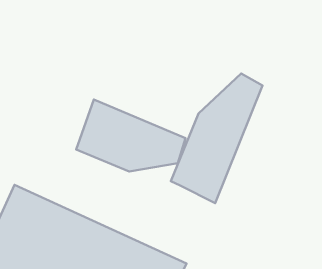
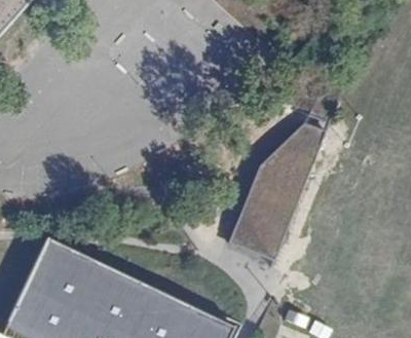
building: [76,99,185,171] -> none

